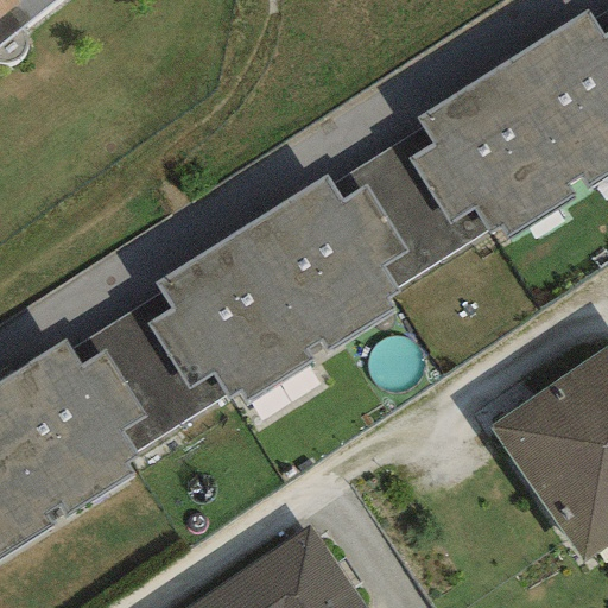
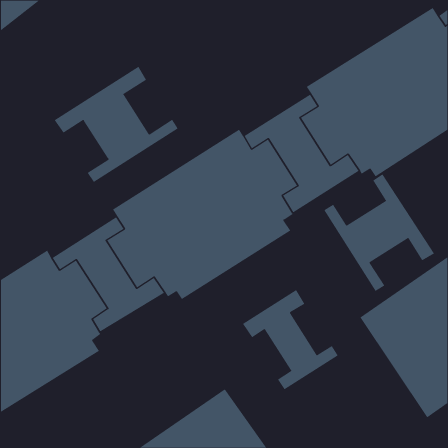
building: none -> [54,66,179,183]
building: none -> [323,173,435,292]
building: none -> [242,289,338,390]

